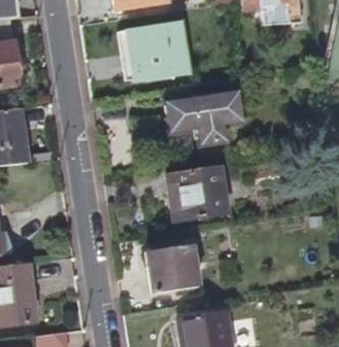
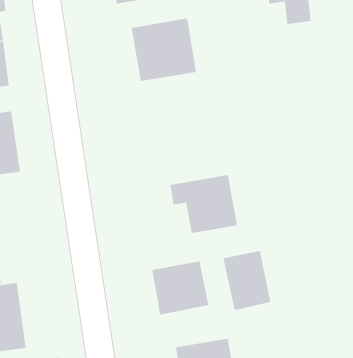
building: [167,94,236,149] -> none
building: none -> [223,250,271,311]

